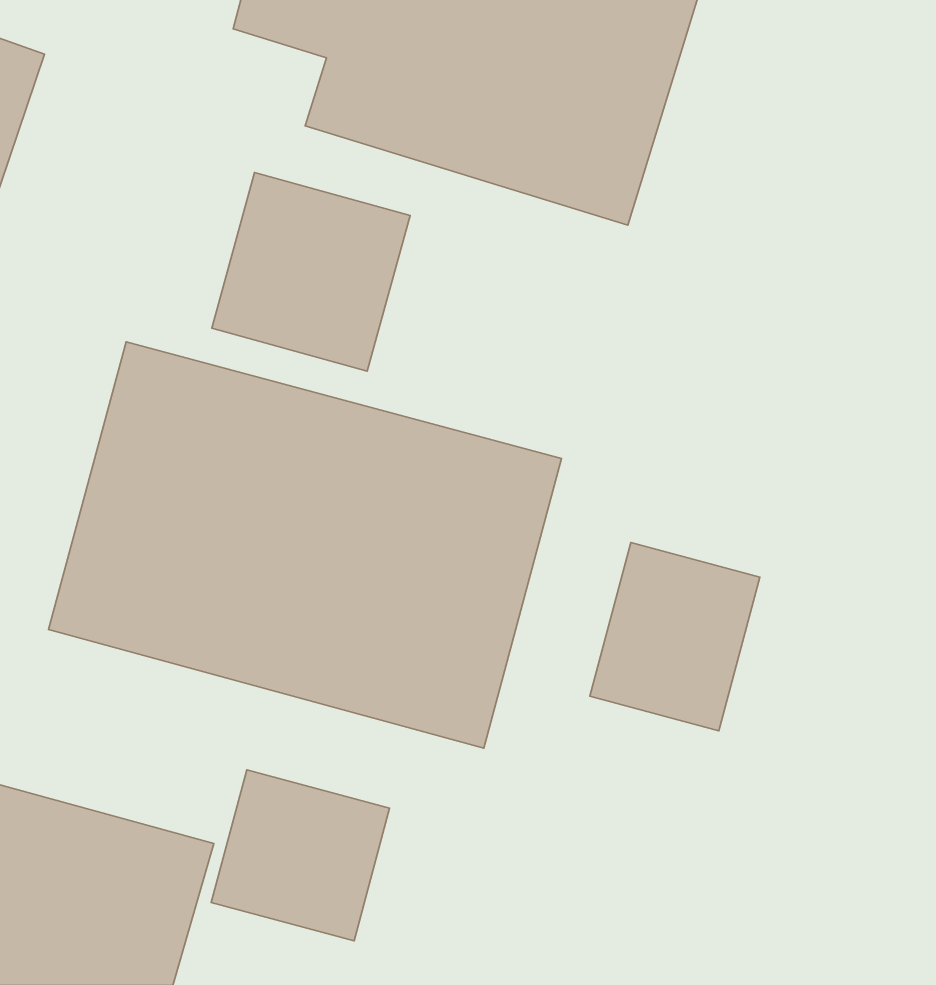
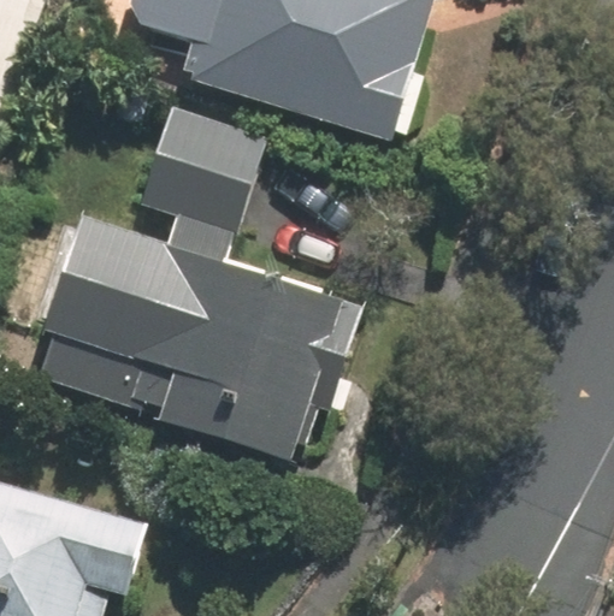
building: [590,543,760,731] -> none
building: [211,770,390,941] -> none

